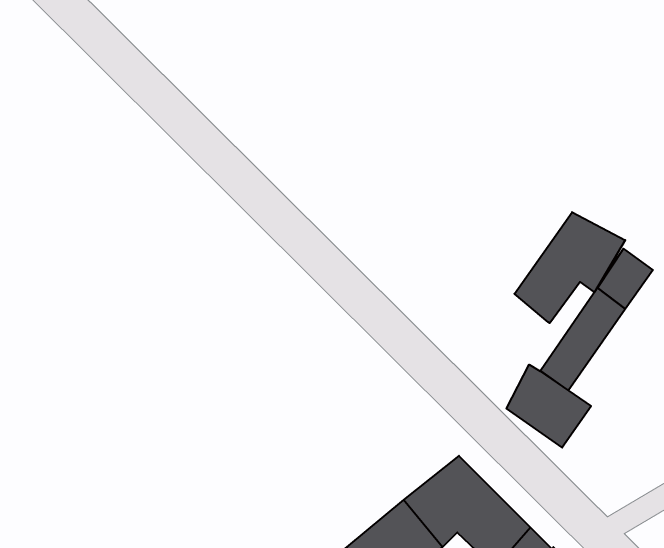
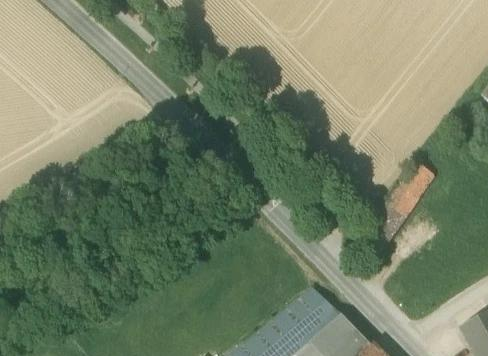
building: [514,212,625,323] -> none
building: [506,365,591,448] -> none

